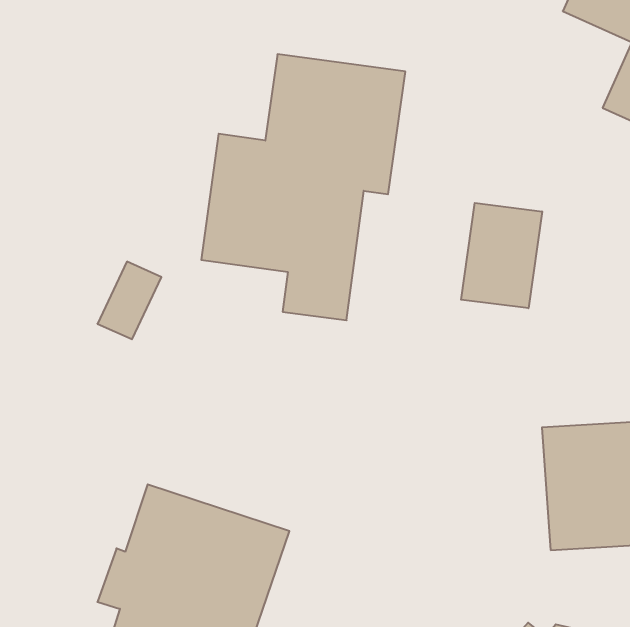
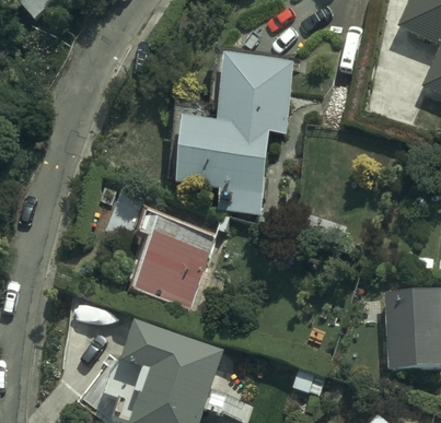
building: [461,203,542,308] -> none
building: none -> [131,208,218,308]

